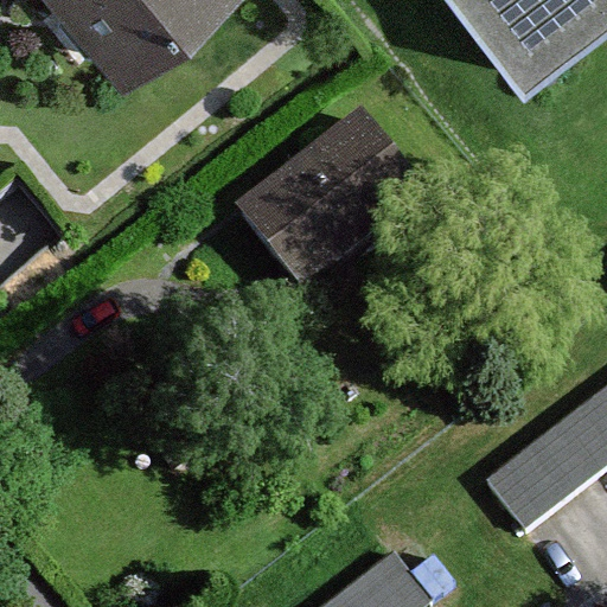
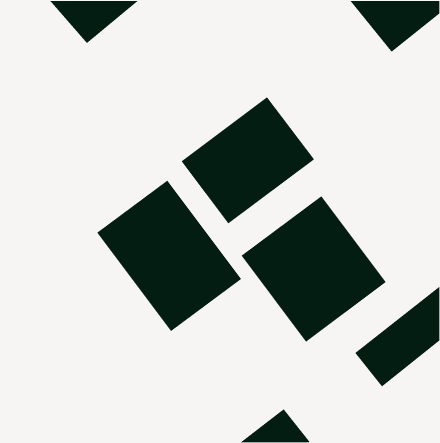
building: none -> [96,179,242,332]
building: none -> [240,195,387,343]

